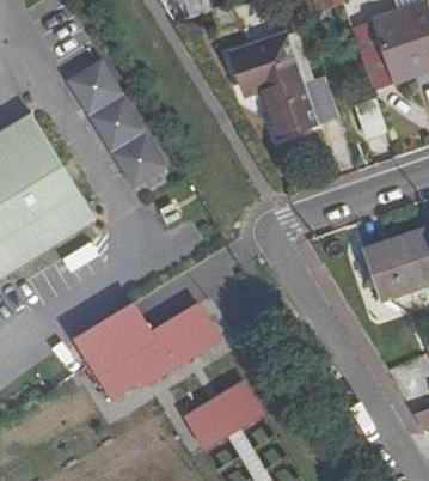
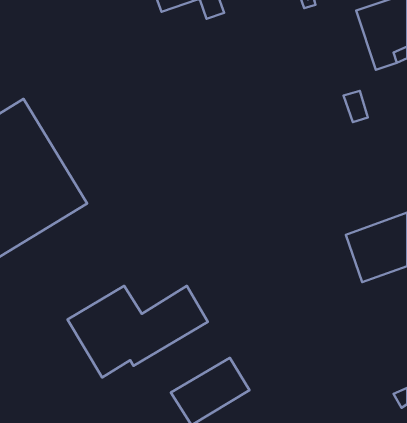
building: [232,34,318,133] -> none
building: [69,60,166,184] -> none

